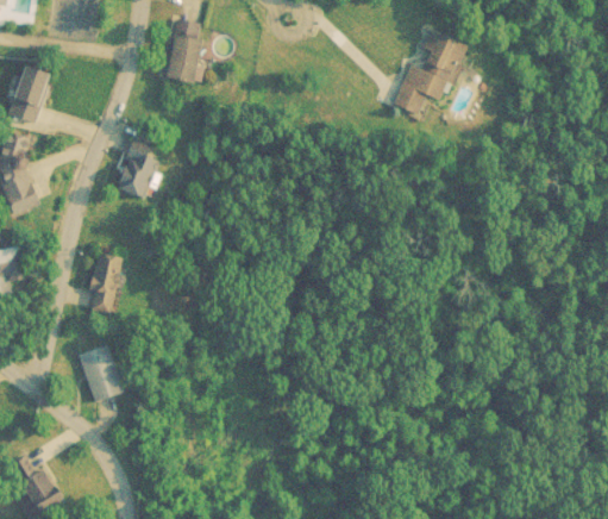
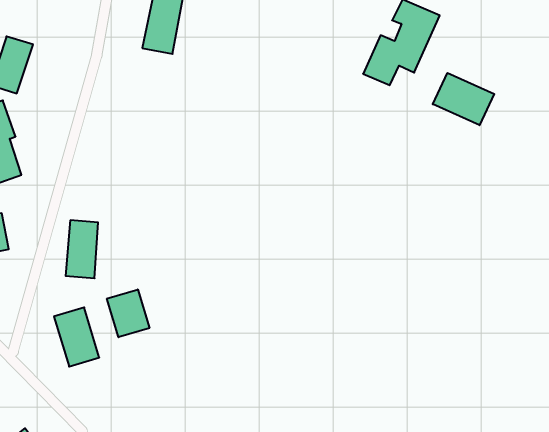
building: none -> [433,73,494,125]
building: [106,144,162,204] -> none
building: none -> [107,289,149,337]

